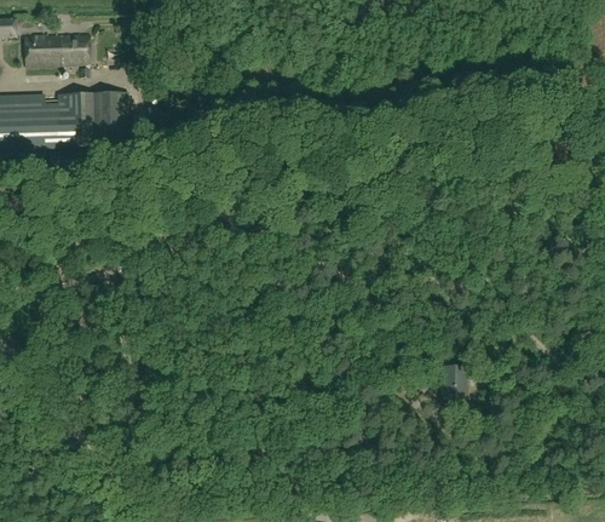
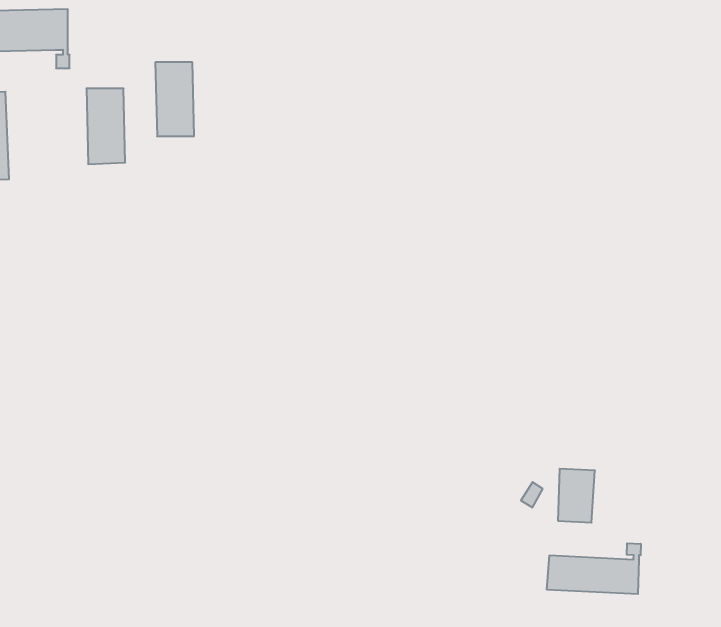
building: [54,92,82,145] -> [155,62,194,136]
building: none -> [547,543,641,594]

